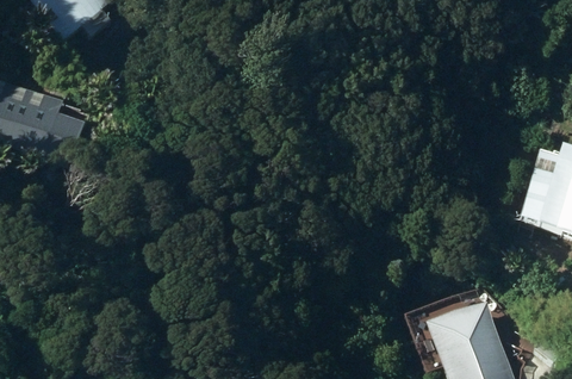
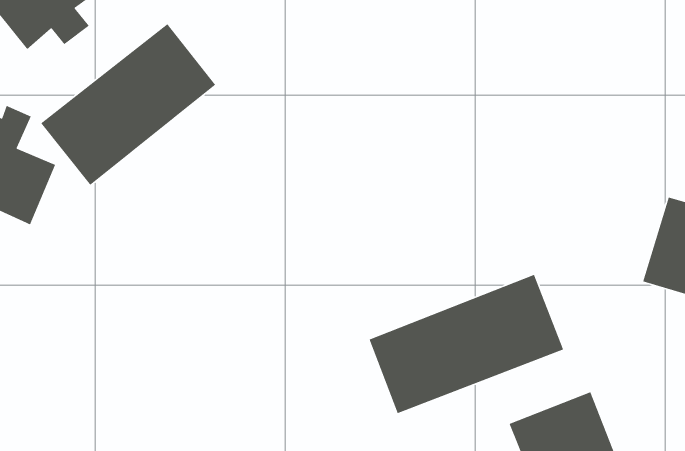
building: none -> [40,23,216,186]
building: none -> [368,274,564,414]

